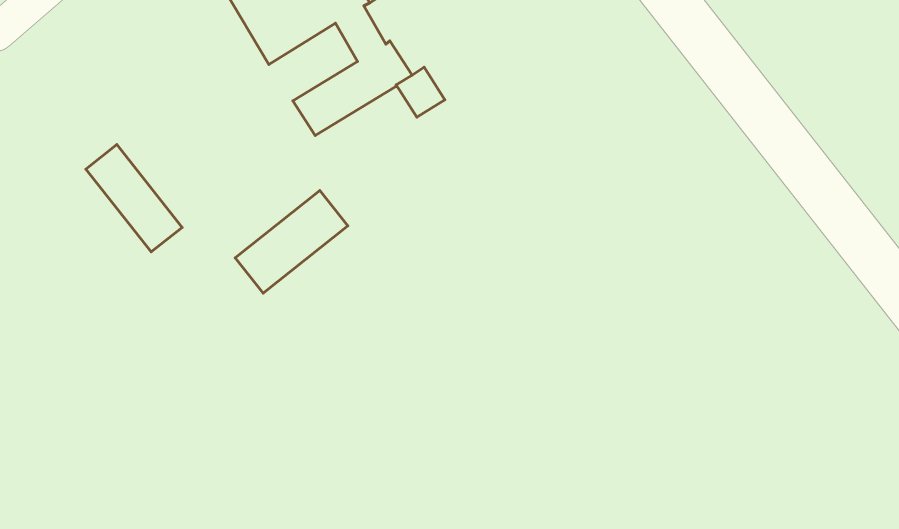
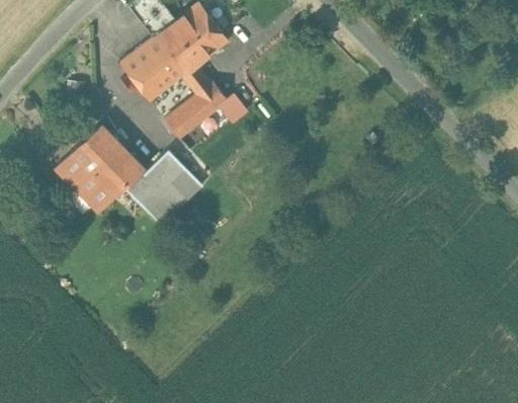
building: none -> [72,127,141,195]
building: none -> [125,150,184,209]

